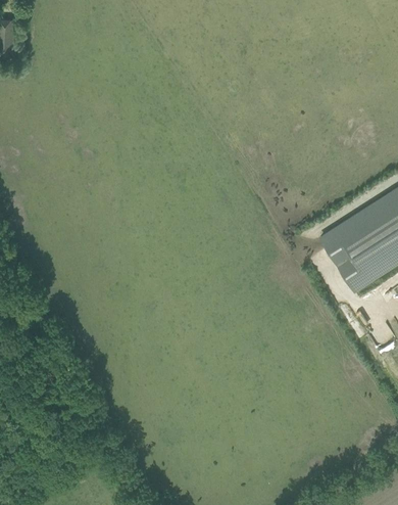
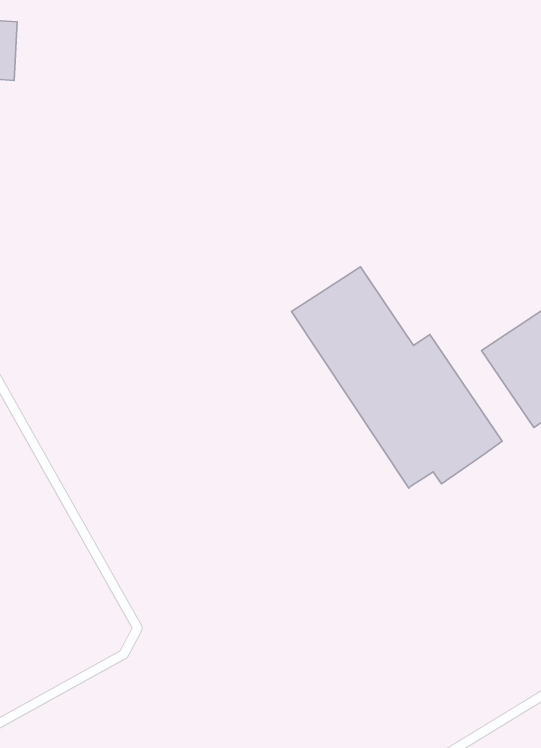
building: none -> [291,267,502,488]

